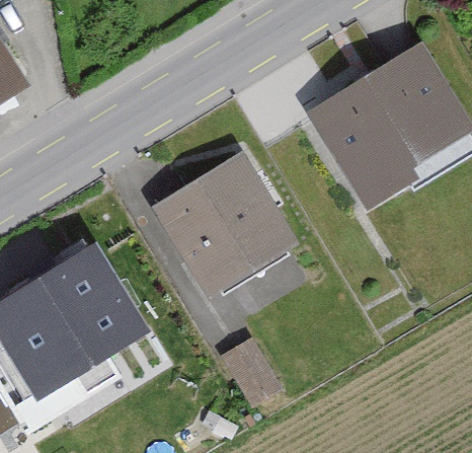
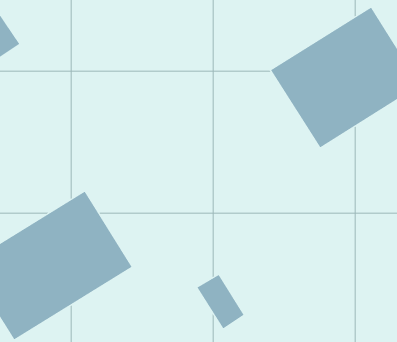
building: [153,153,294,293] -> none

